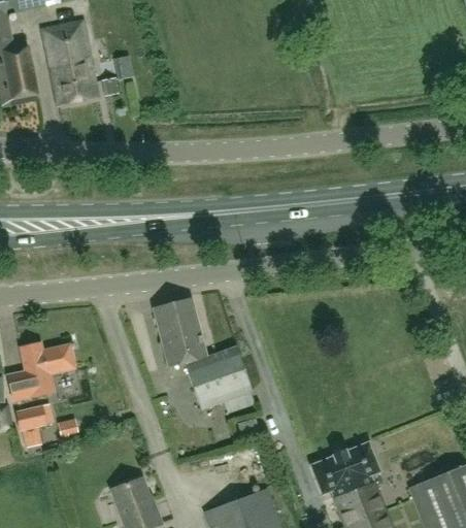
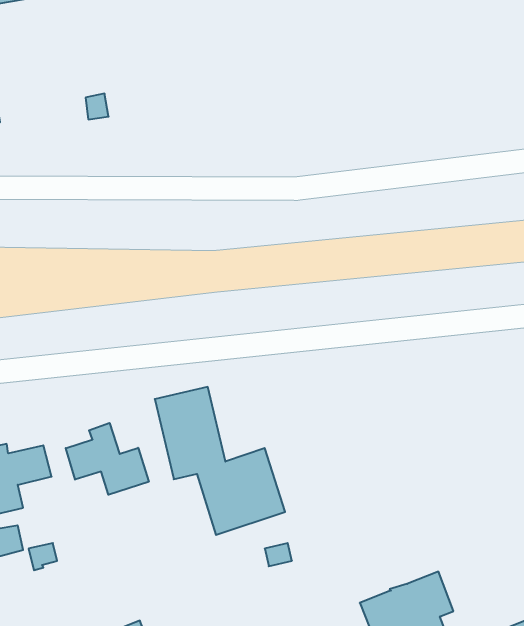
building: [42,22,98,105] -> none
building: none -> [66,423,149,495]

